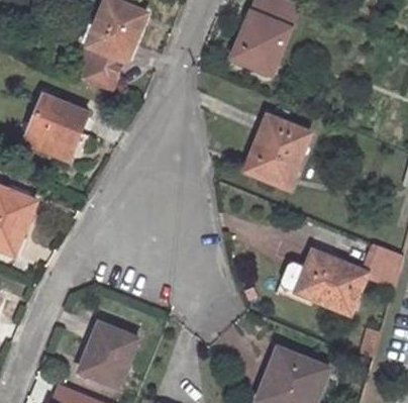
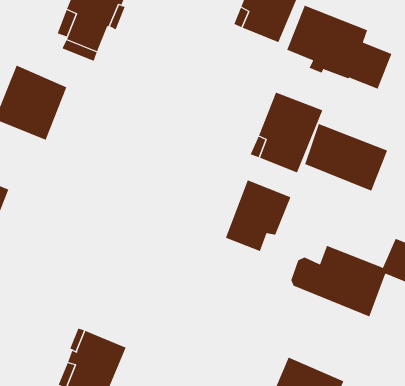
building: none -> [287,5,392,89]
building: none -> [304,123,388,192]
building: none -> [225,180,291,252]

